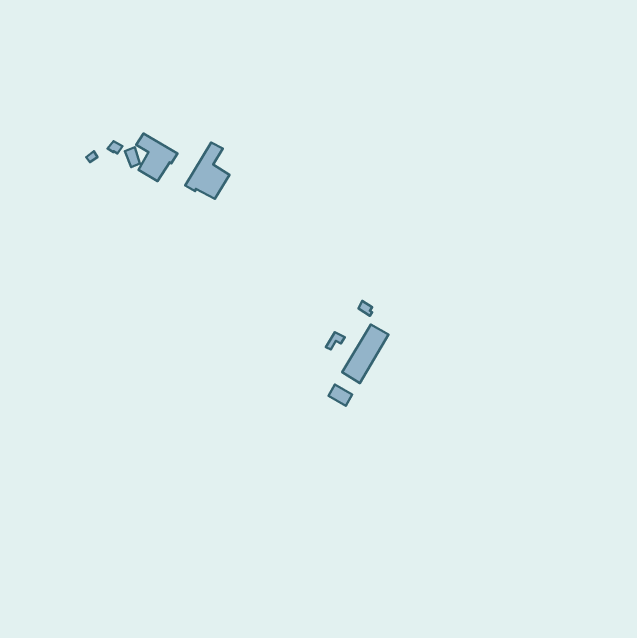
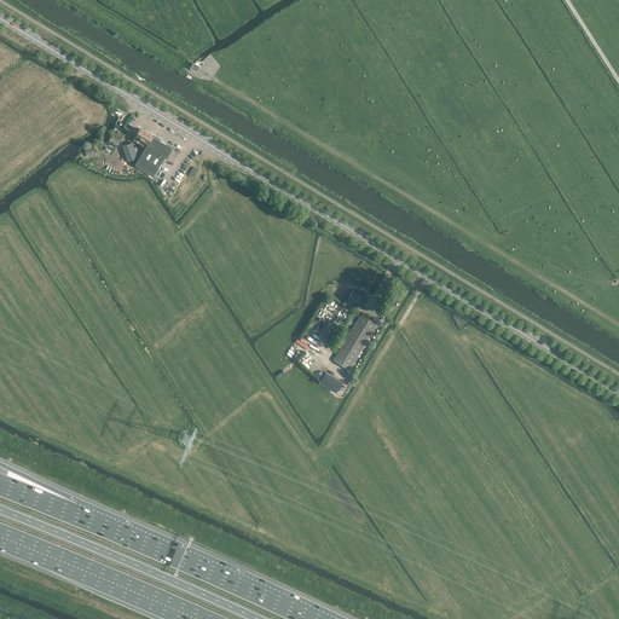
building: [185,142,229,199] -> none

